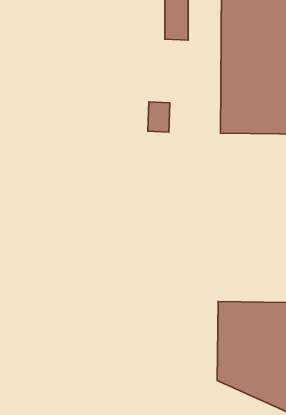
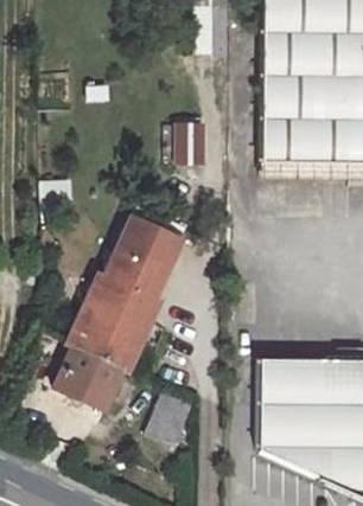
building: none -> [50,212,180,412]
building: none -> [148,390,195,443]

